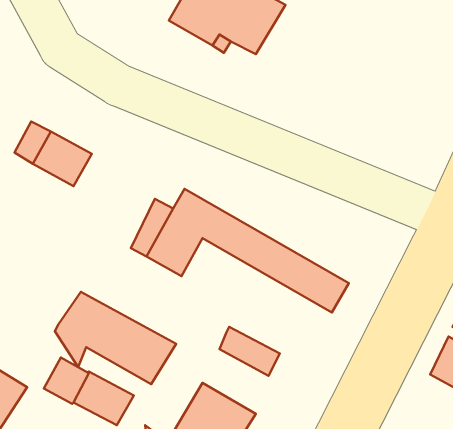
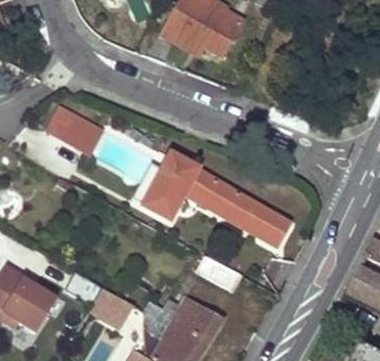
building: [55,292,176,384] -> none

